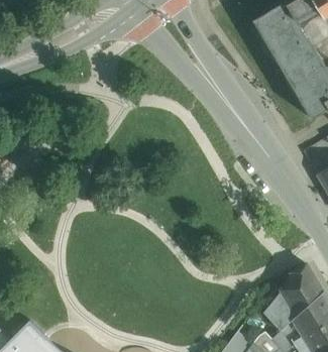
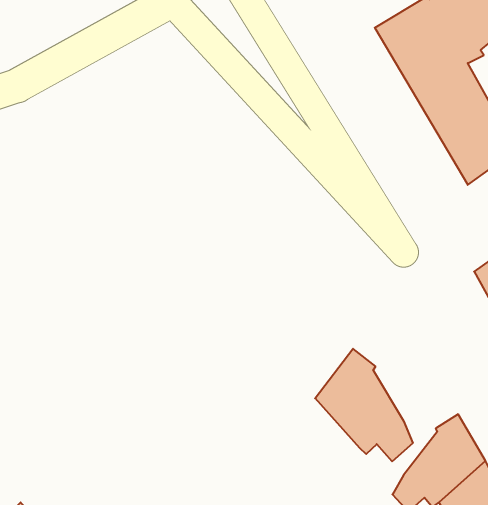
building: none -> [315,349,413,461]

